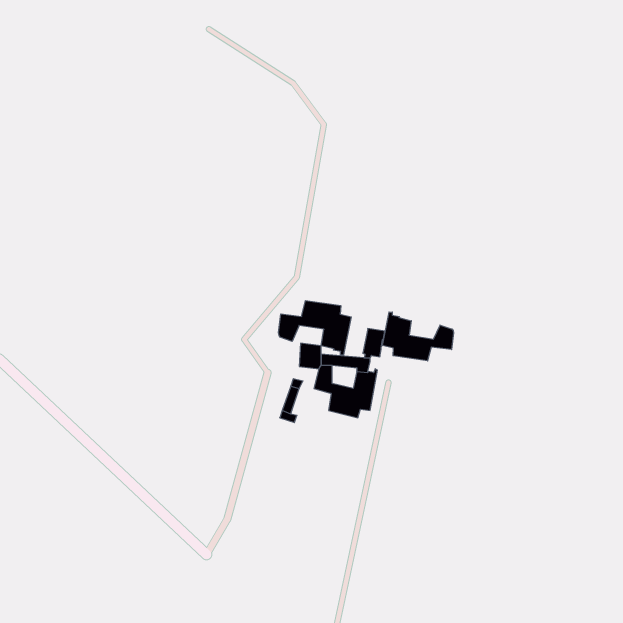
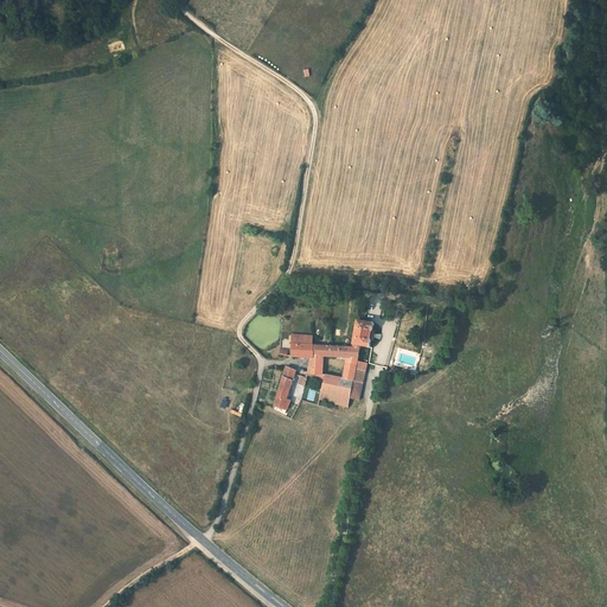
building: [279,301,351,355] -> none
building: [382,312,453,361] -> none

